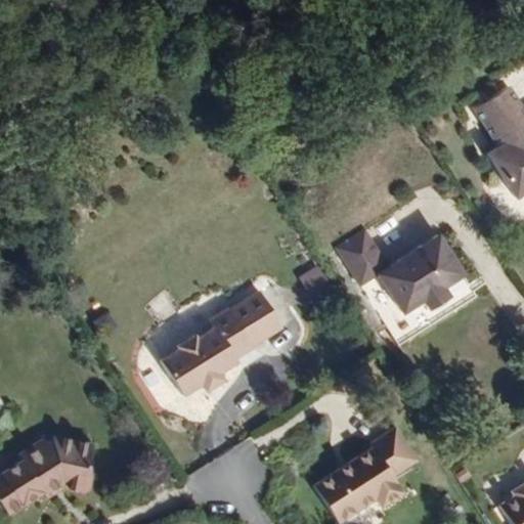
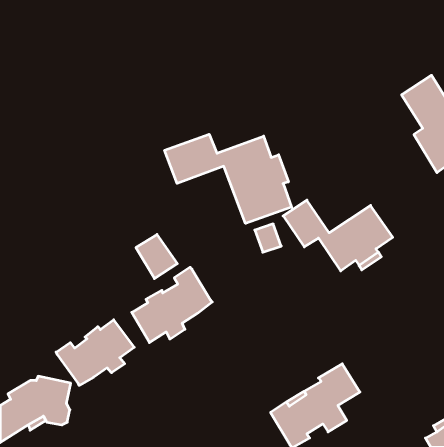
building: none -> [165,134,292,223]
building: [231,296,279,347] -> [136,234,177,279]
building: none -> [56,320,134,385]

